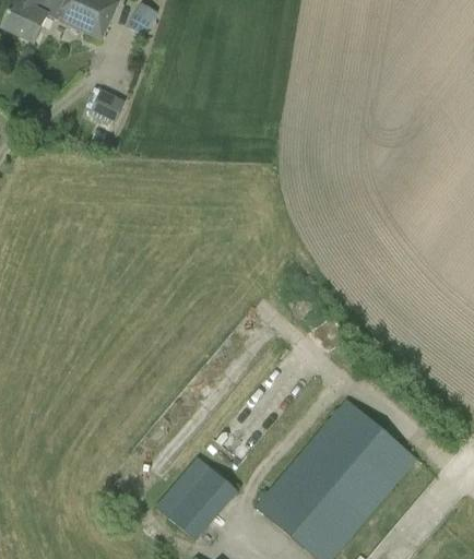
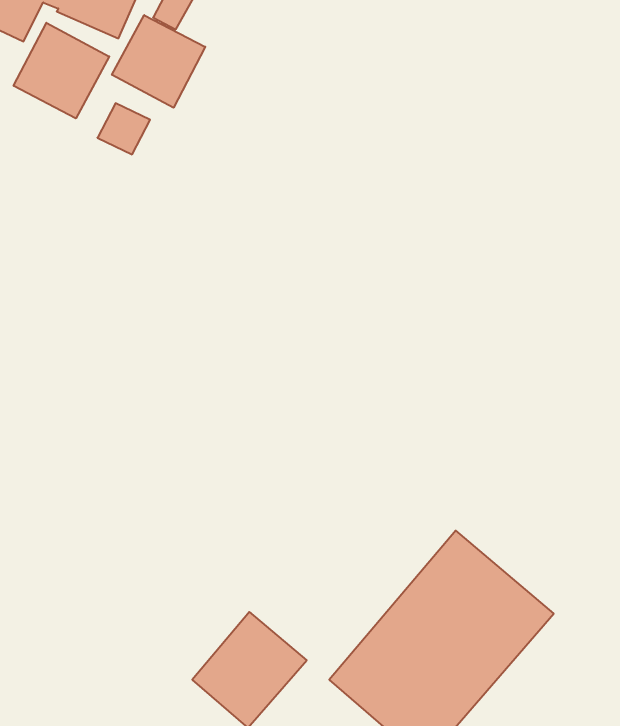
building: none -> [112,15,205,108]
building: none -> [14,23,109,118]

